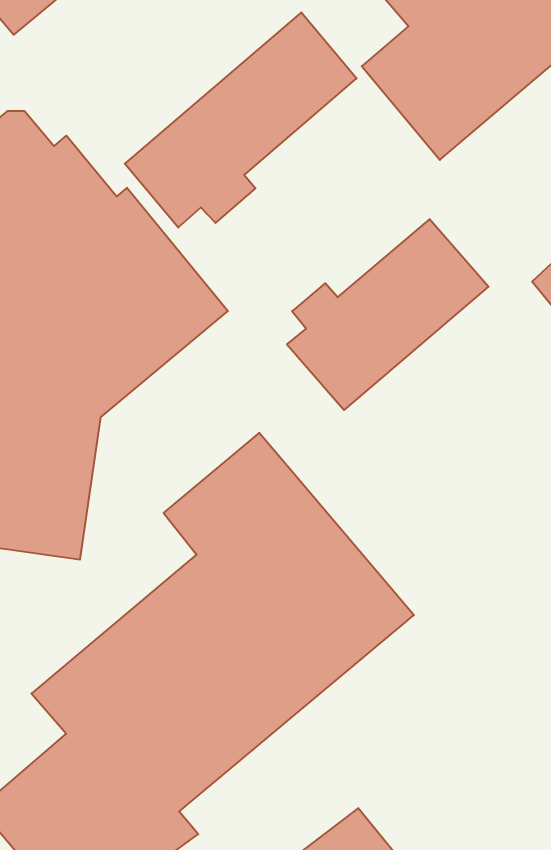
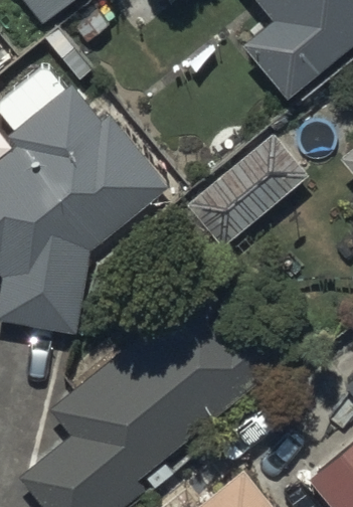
building: [125,12,357,228] -> none

